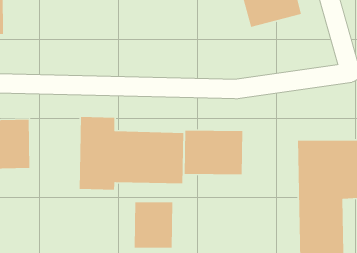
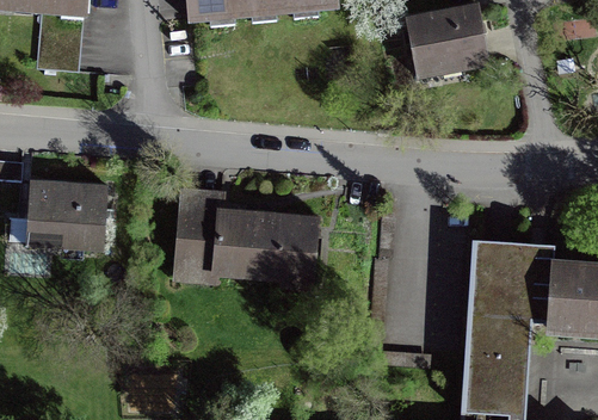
building: [184,130,243,175] -> none
building: [134,201,173,249] -> none

